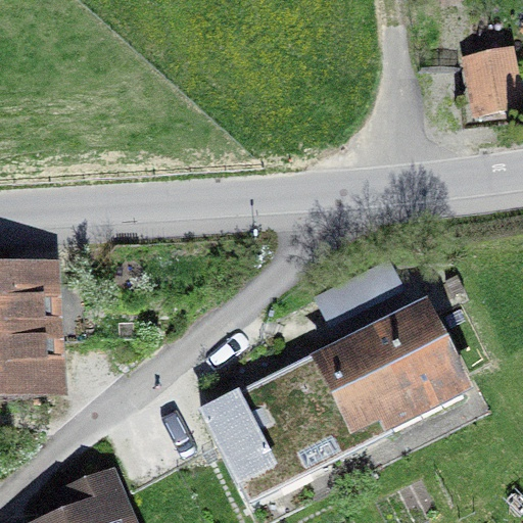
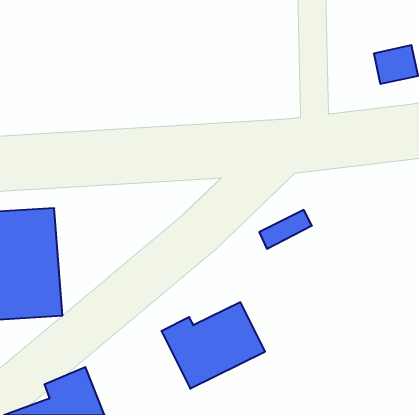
building: [294,311,462,436] -> none

